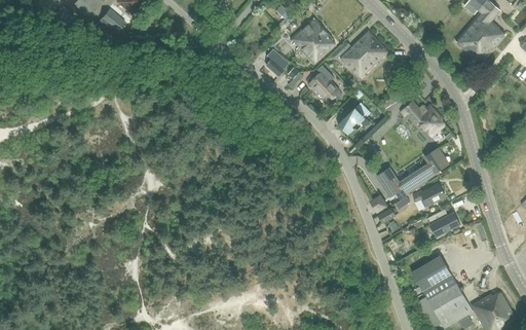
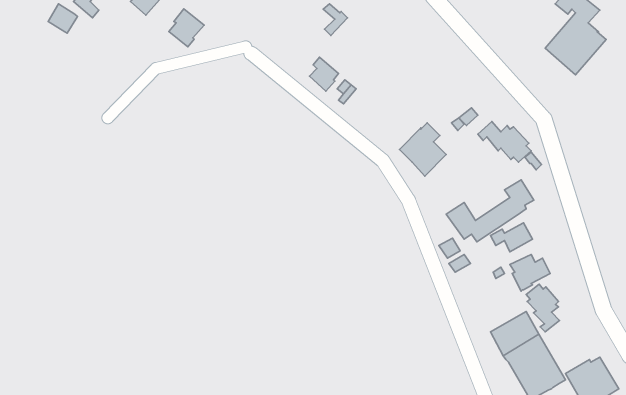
building: [96,7,124,38] -> [169,9,204,47]
building: [290,17,336,63] -> none
building: [339,31,387,79] -> none
building: [309,65,341,104] -> none
building: none -> [526,284,559,332]

